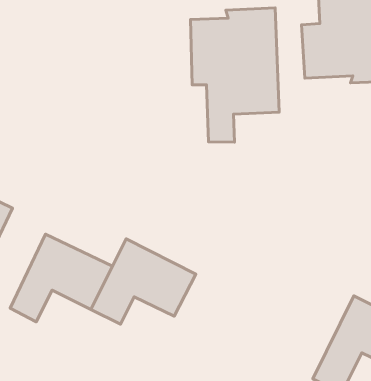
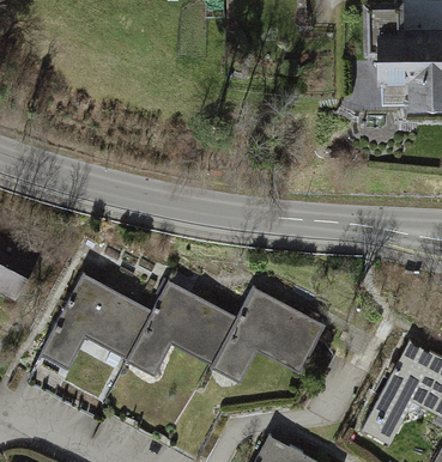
building: [190,8,279,142] -> none
building: none -> [213,291,321,378]

